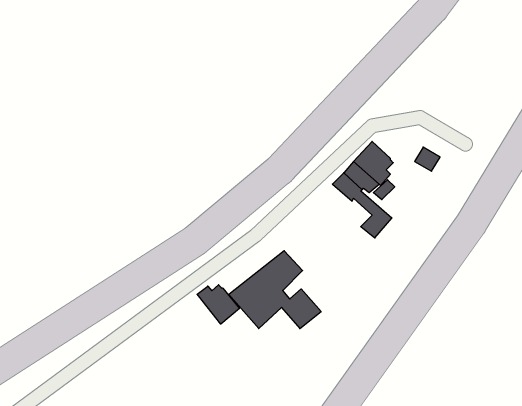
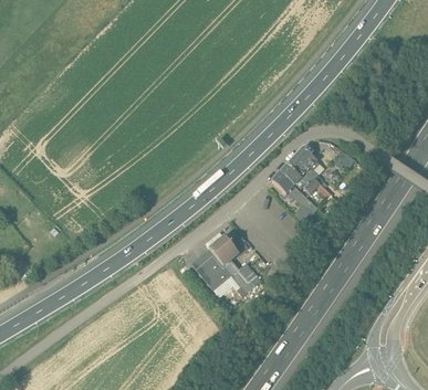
building: [197,285,239,324] -> none

